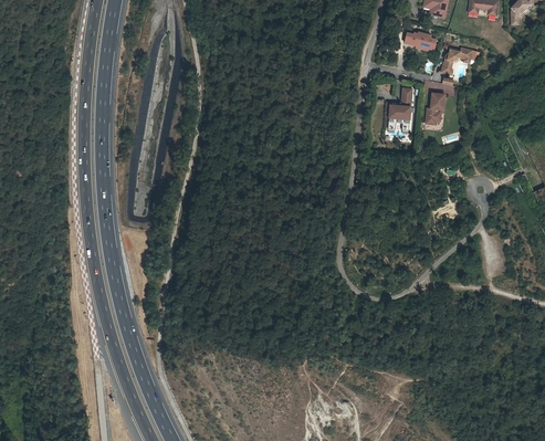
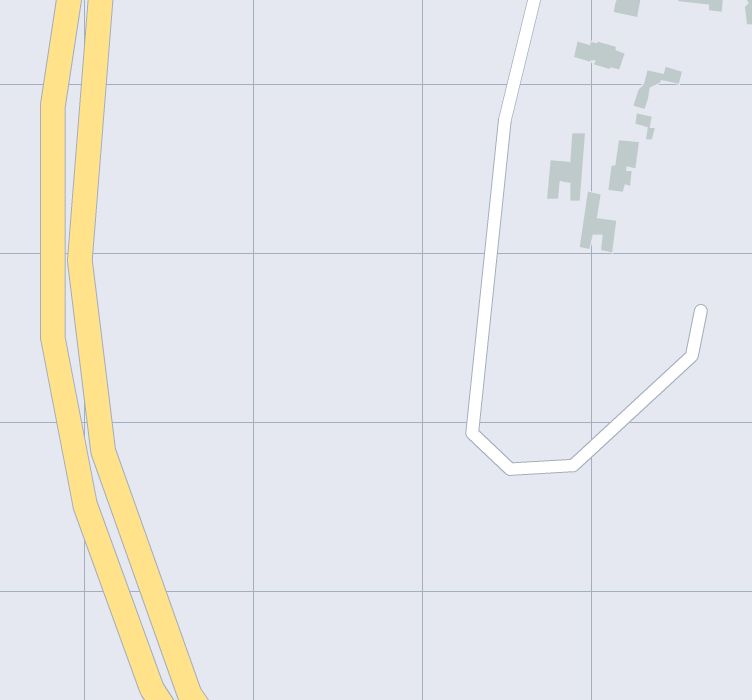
building: none -> [579,191,617,253]

